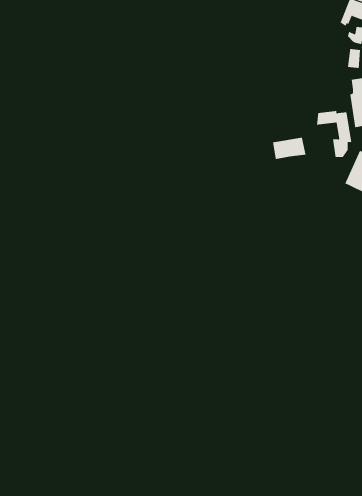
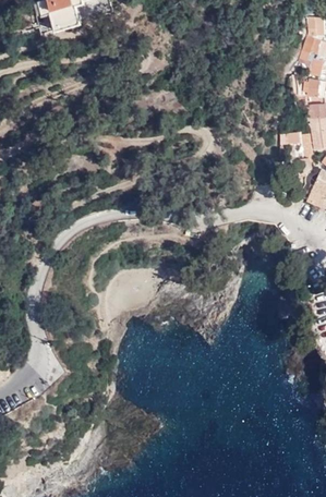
building: [273,137,306,160] -> none

